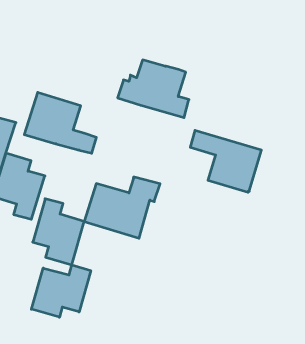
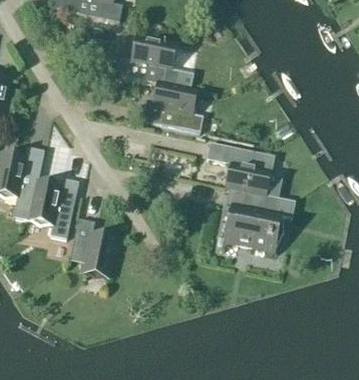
building: [24,92,96,153] -> [126,35,194,87]
building: [84,177,160,238] -> [223,195,290,251]
building: [31,265,91,317] -> none

